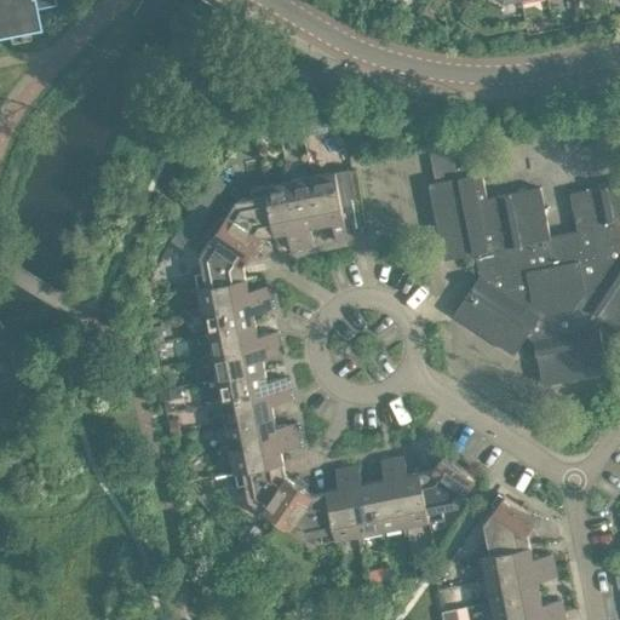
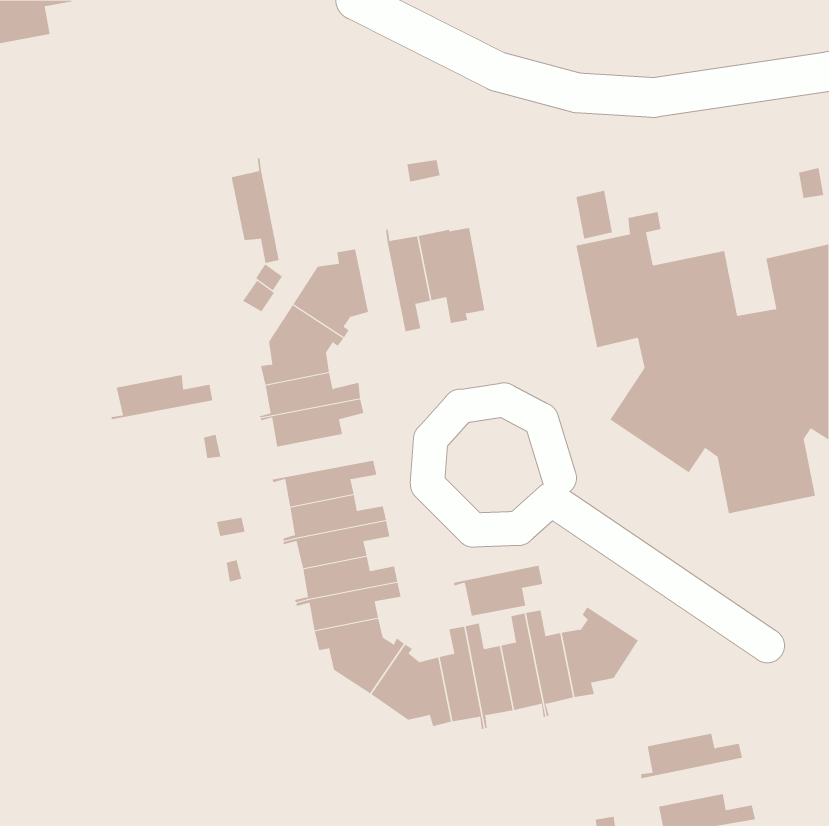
building: [265,174,302,253] -> [231,158,280,263]
building: [202,327,279,361] -> [111,374,213,420]
building: none -> [454,565,543,617]
building: [478,498,541,559] -> none
building: [477,568,556,604] -> none

